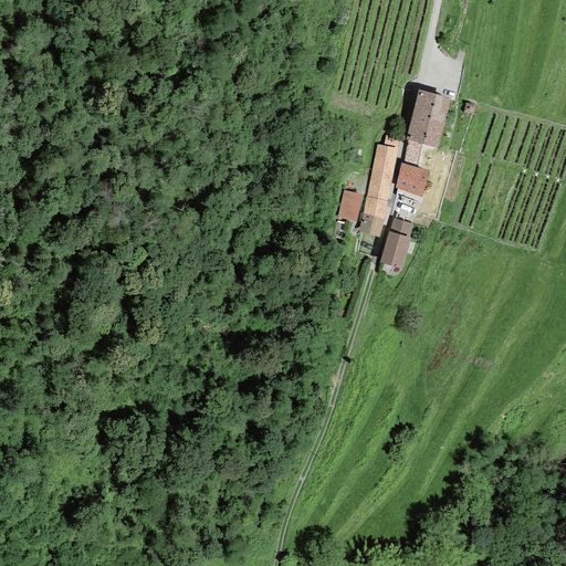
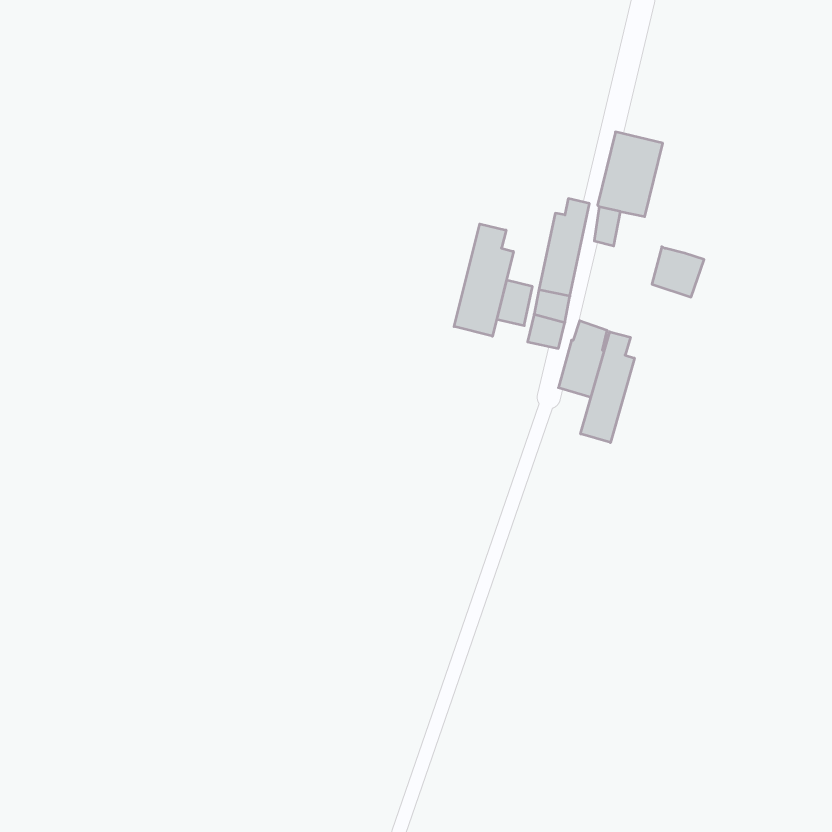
building: none -> [454,224,513,336]
building: [395,163,430,197] -> [652,247,704,297]
building: none -> [581,332,634,443]

